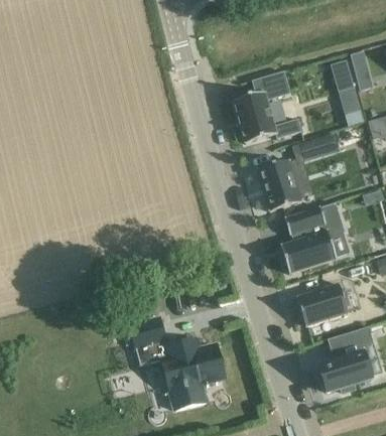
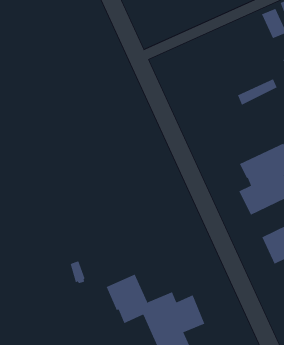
building: [234,70,302,143] -> none
building: [258,159,302,210] -> none

